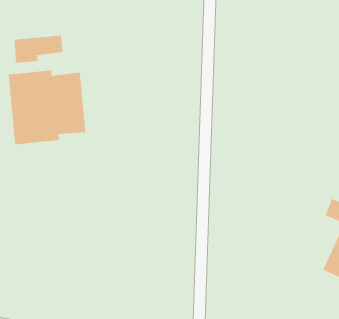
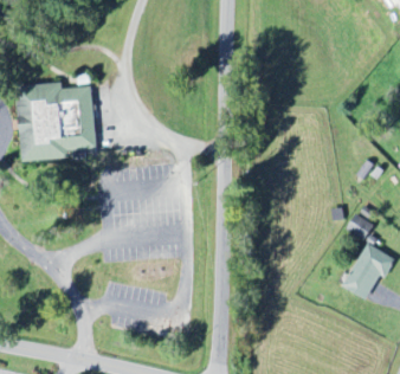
building: [14,35,63,63] -> none

